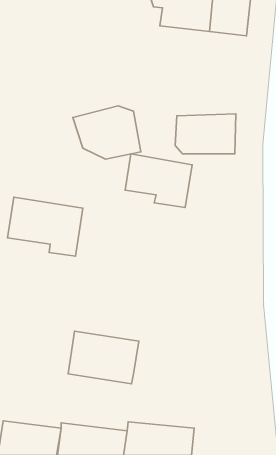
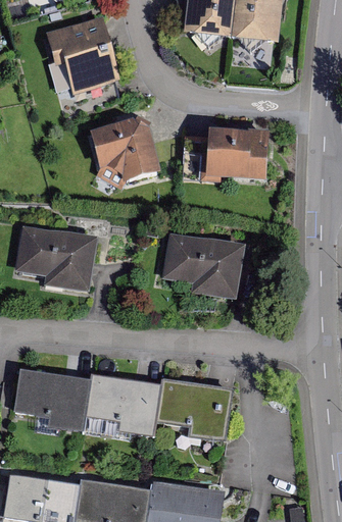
building: none -> [45,19,114,91]
building: [125,154,192,207] -> [161,238,237,298]
building: none -> [8,370,87,432]
building: none -> [154,377,231,434]

